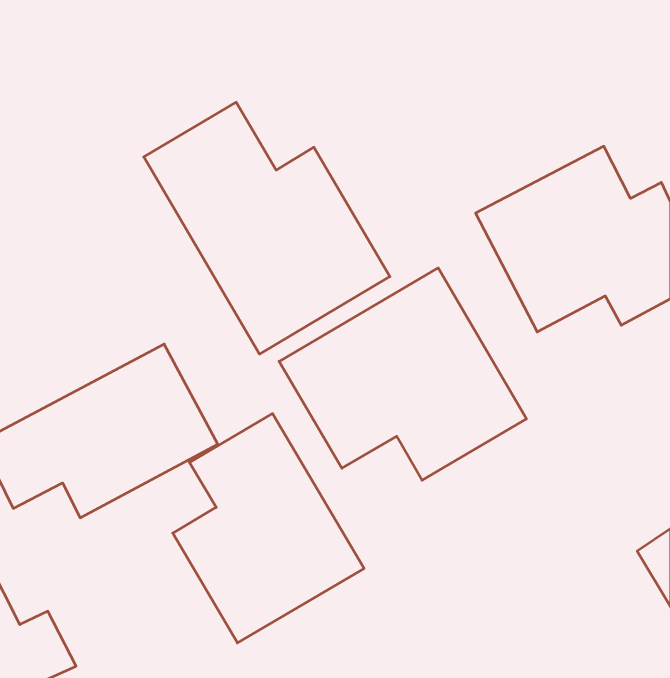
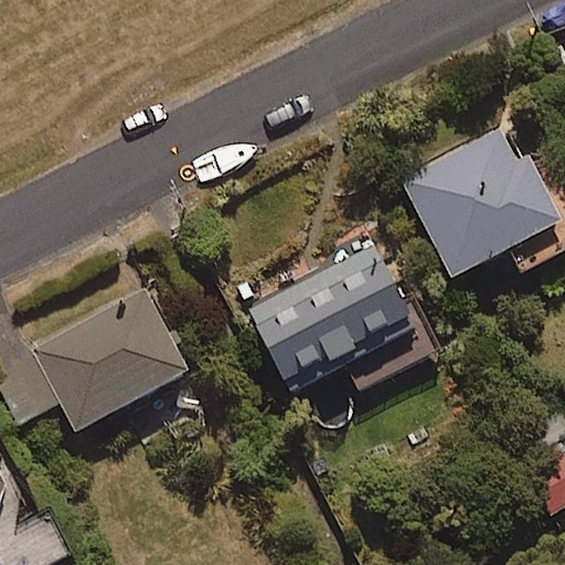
building: [144,102,390,354] -> none
building: [173,414,364,643] -> none

